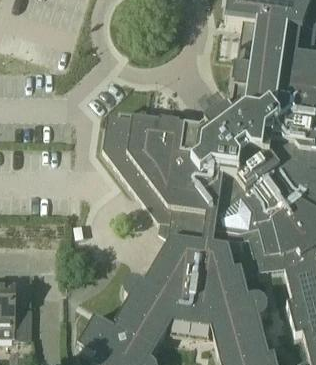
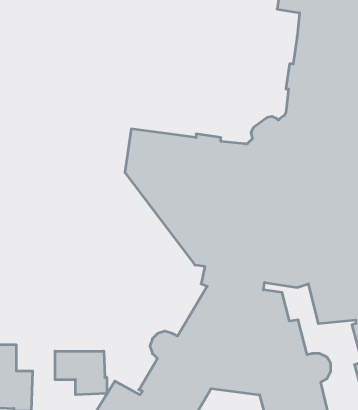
building: none -> [55,351,107,395]

